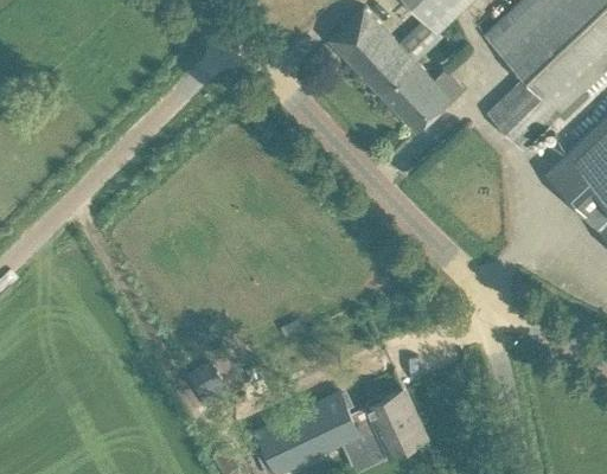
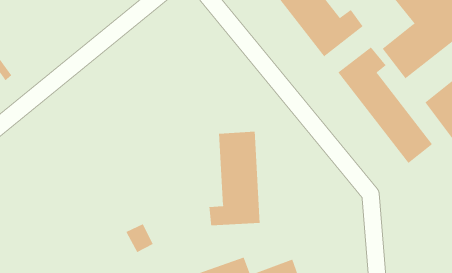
building: none -> [337,46,433,164]
building: none -> [209,131,260,226]

